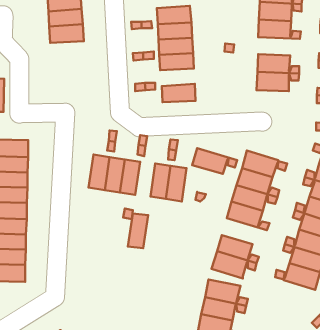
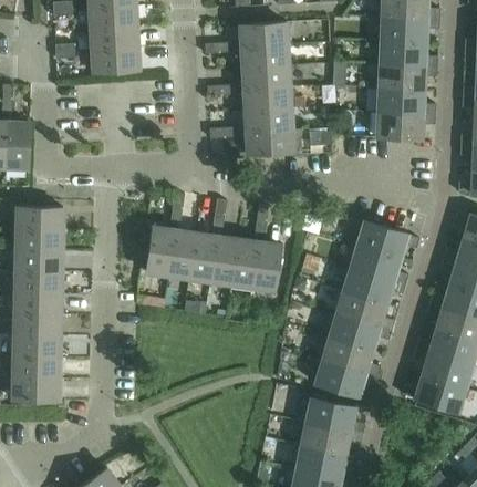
building: none -> [379,65,436,91]
building: none -> [243,108,291,133]
building: [192,148,237,174] -> [329,314,391,350]
building: [128,214,148,248] -> [209,237,237,284]

